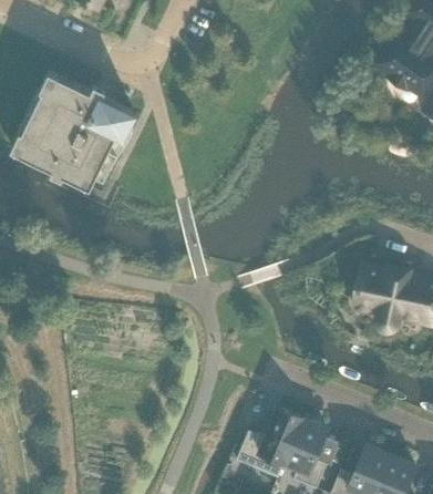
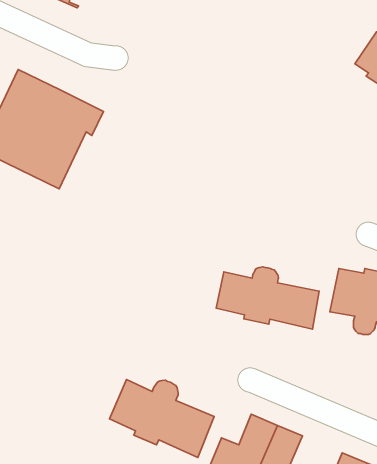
building: none -> [216,267,319,329]
building: none -> [110,380,214,458]

